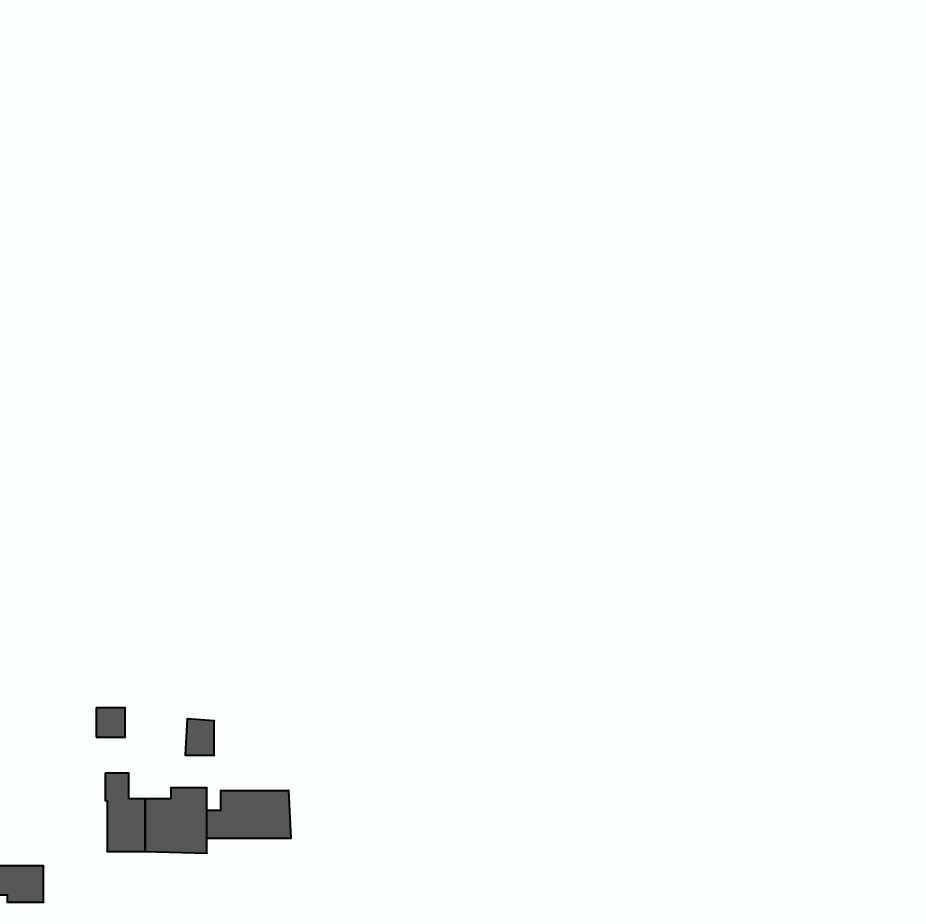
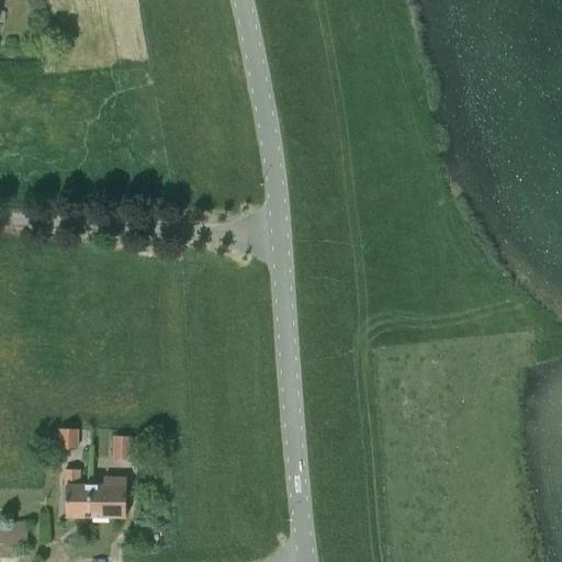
building: [207,790,291,838] -> none

